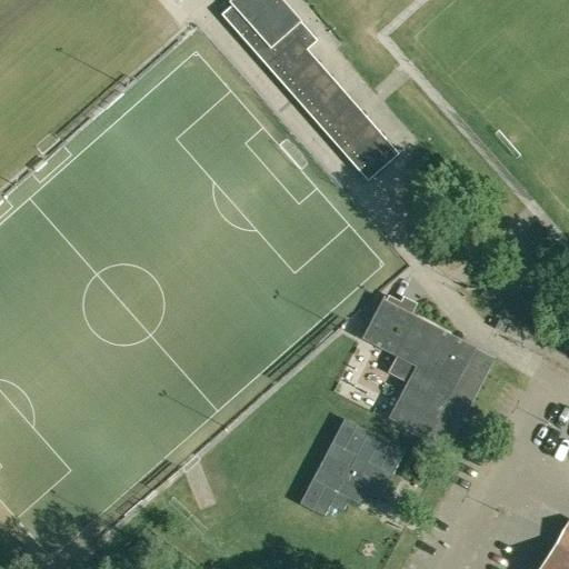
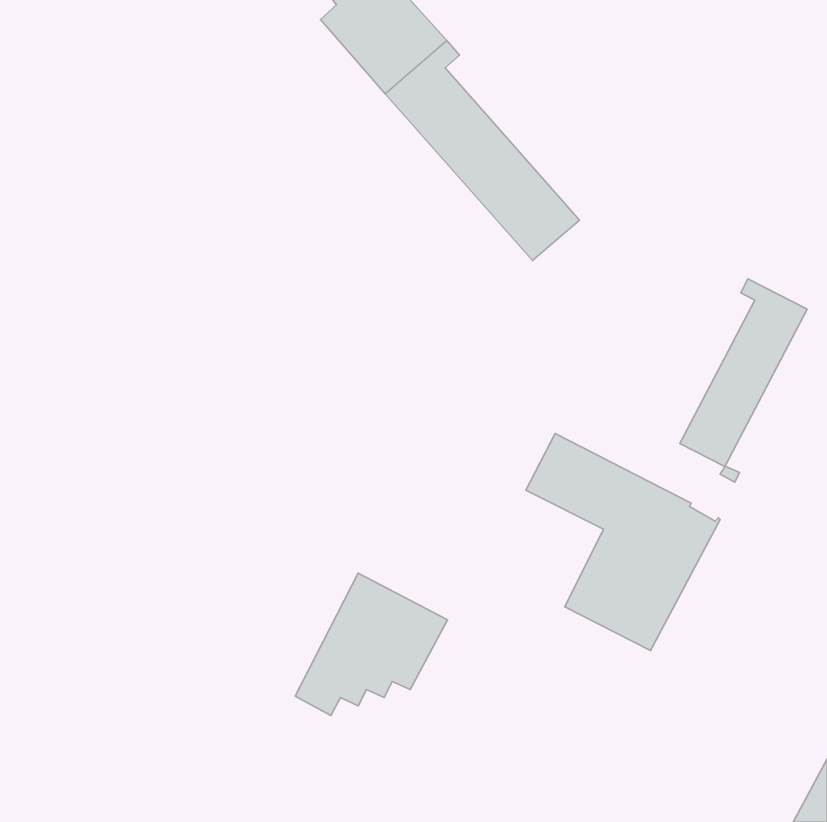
building: none -> [680,279,807,466]
building: [299,417,403,515] -> [295,573,447,715]

